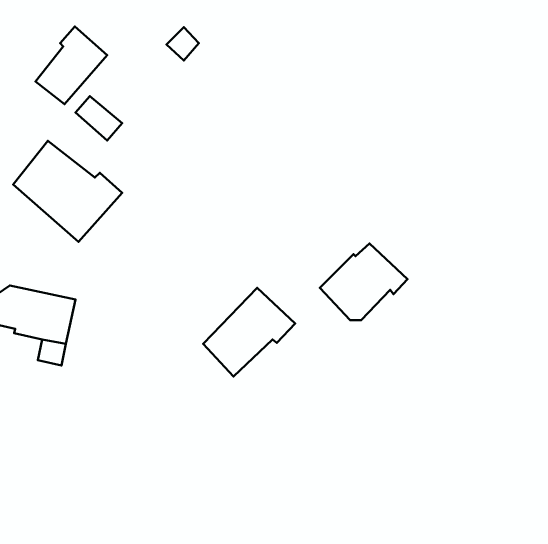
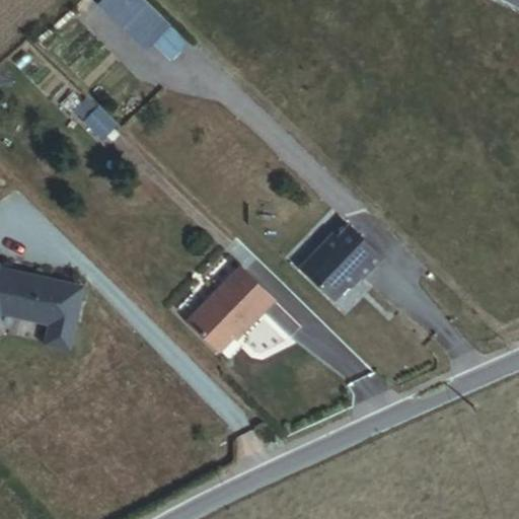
building: [35,27,107,104] -> none
building: [13,141,122,242] -> none

